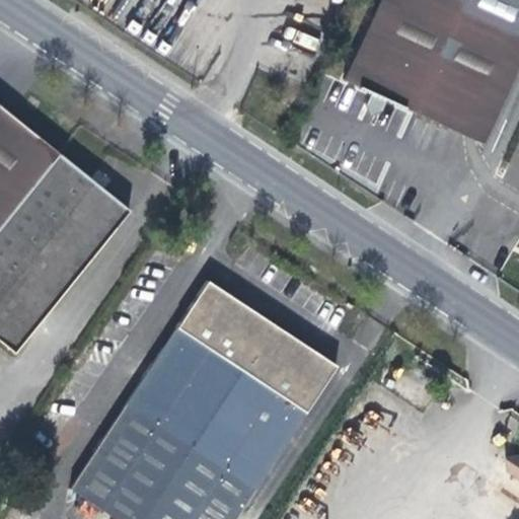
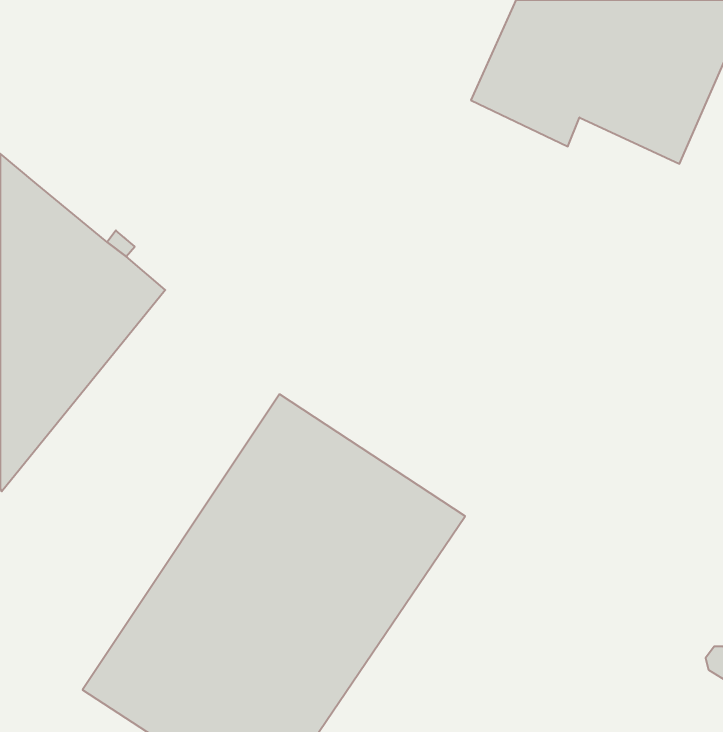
building: [410,88,488,140] -> none

